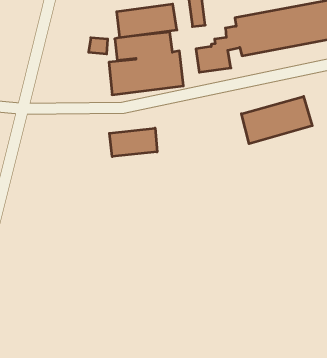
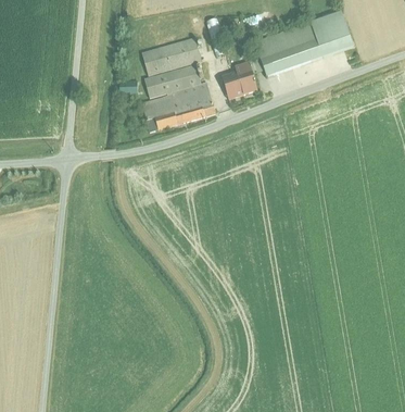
building: [241,96,312,144] -> none
building: [109,128,157,157] -> none

